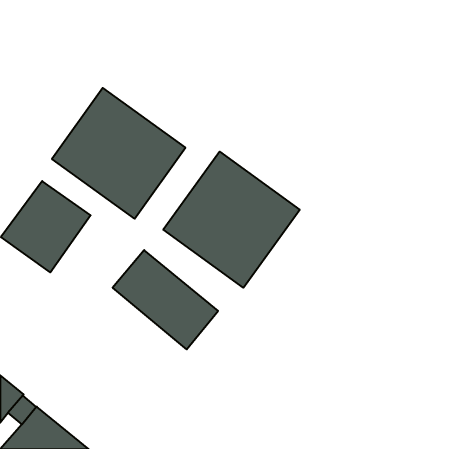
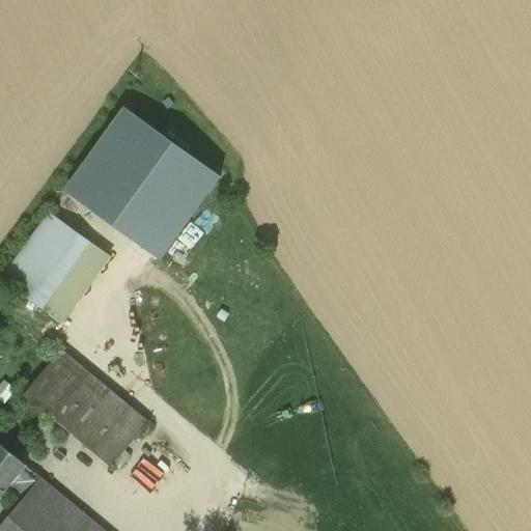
building: [163,152,300,288] -> none
building: [113,250,218,349] -> [25,351,149,468]

